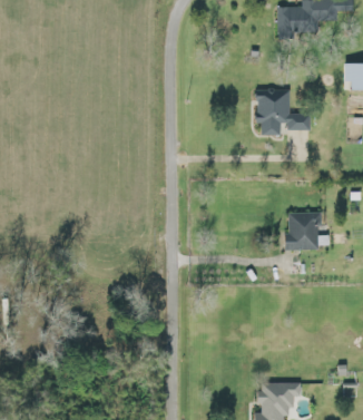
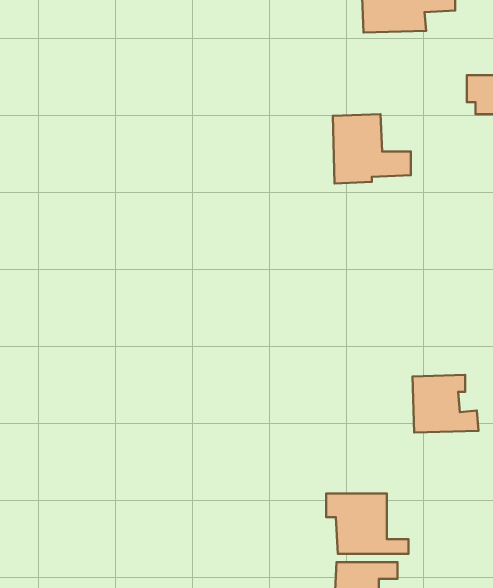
building: [285,211,328,248] -> [412,375,479,433]
building: none -> [326,494,408,554]

